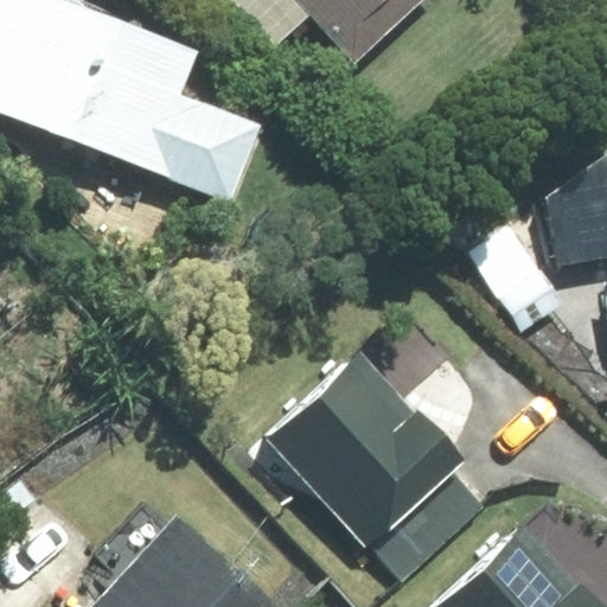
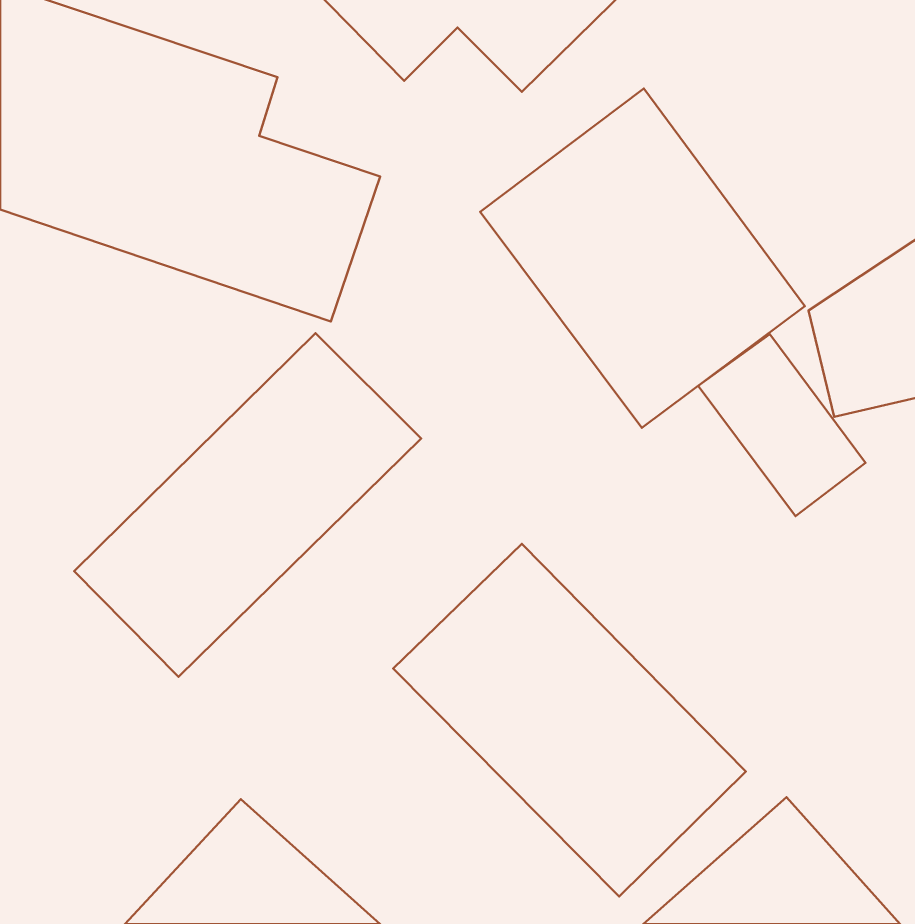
building: none -> [480,88,805,428]
building: none -> [74,333,421,677]

